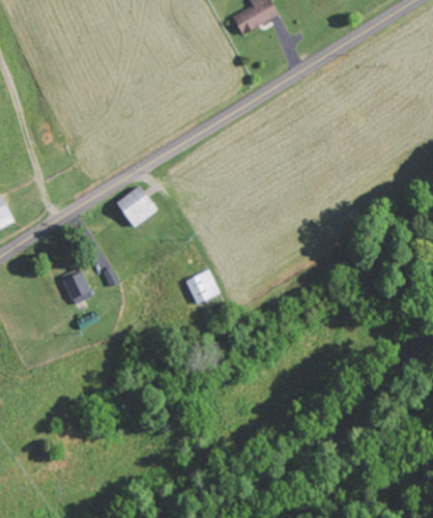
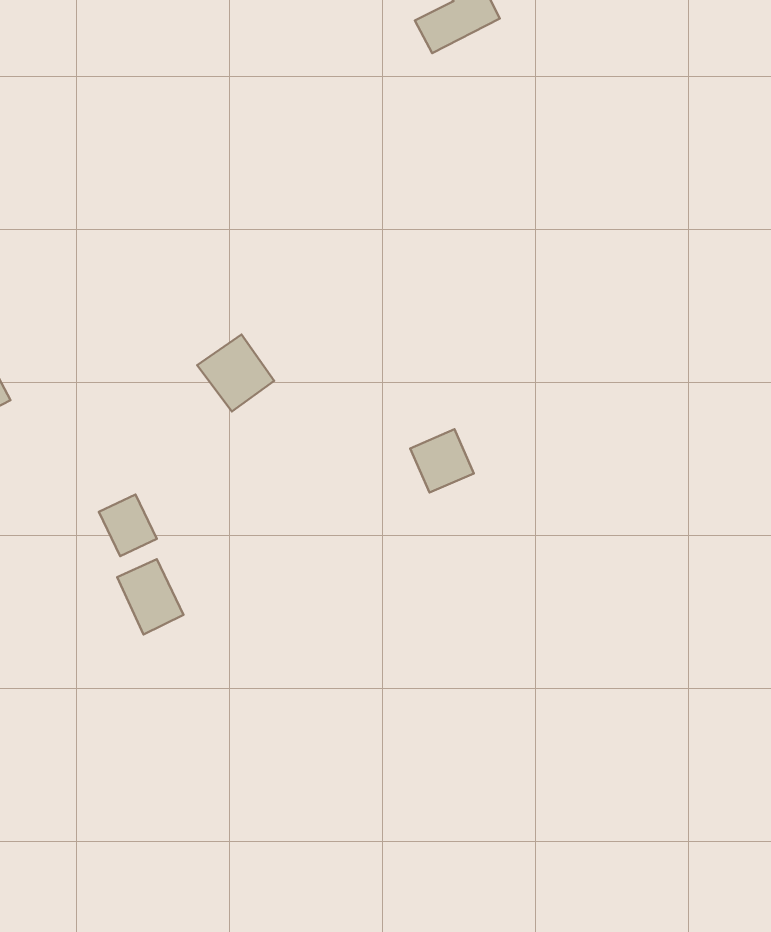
building: [185,269,220,304] -> [410,429,474,493]
building: none -> [117,559,184,635]

